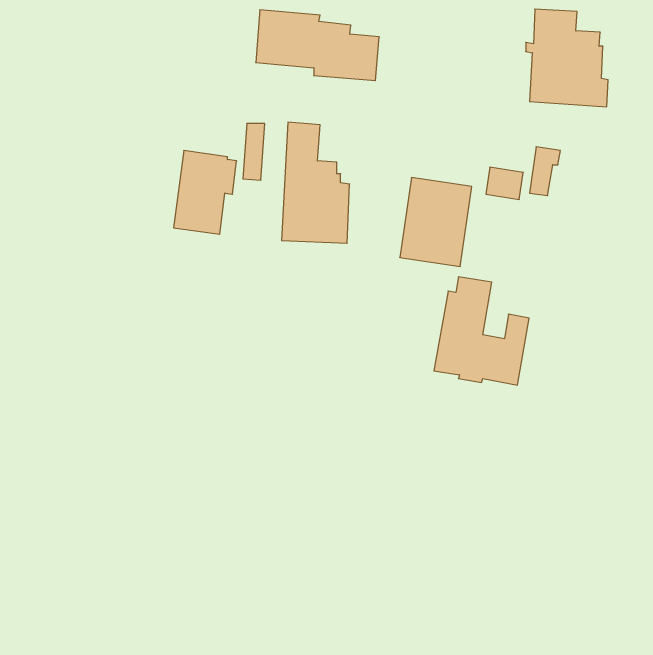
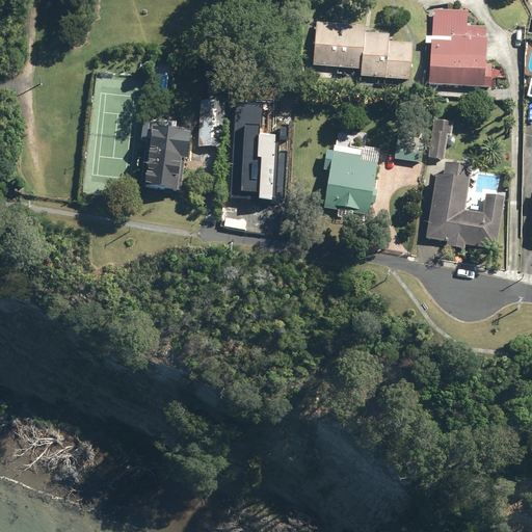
building: [256,10,379,81] -> [313,21,413,78]
building: [434,277,529,385] -> [425,162,502,249]

